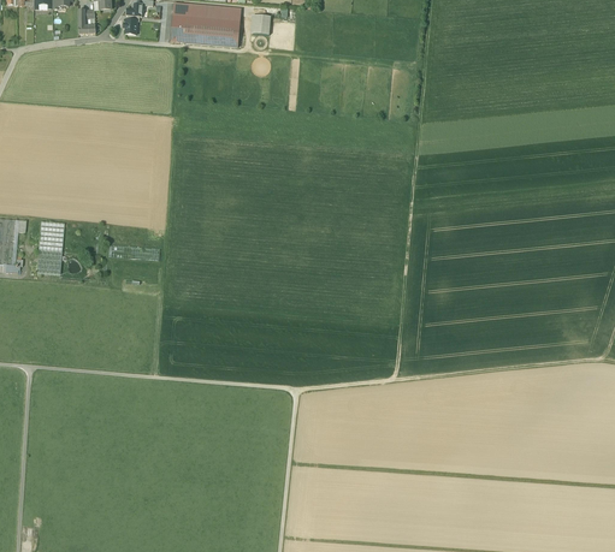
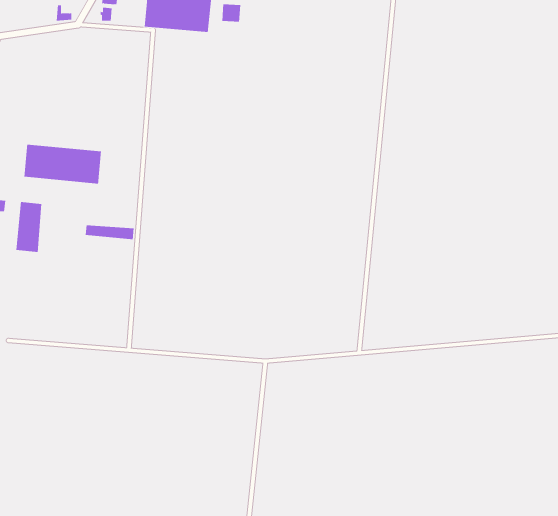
building: none -> [24,144,102,184]

